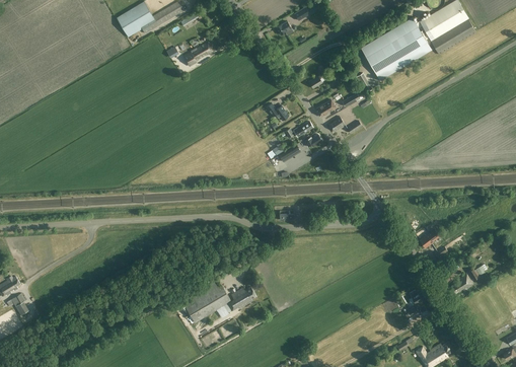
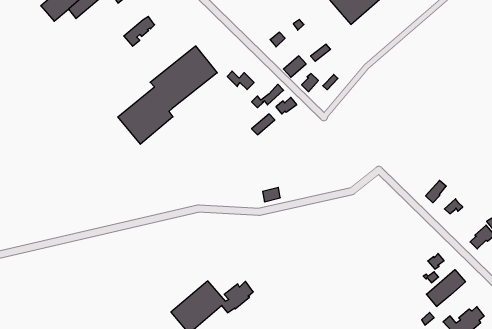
building: none -> [118,46,217,144]
building: none -> [426,270,465,307]

